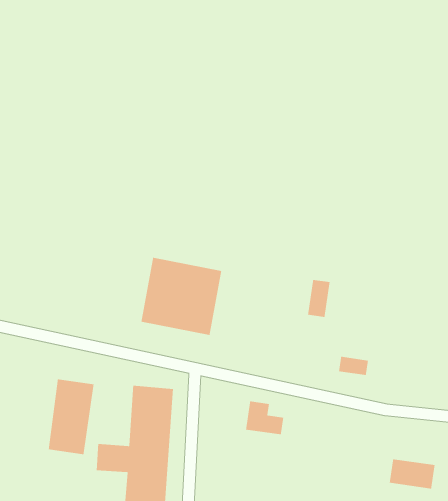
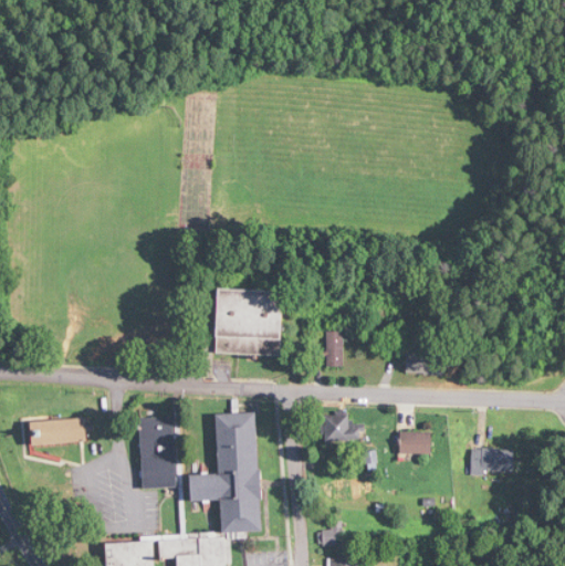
building: [307,279,330,318] -> [326,332,344,367]
building: none -> [399,432,432,453]

